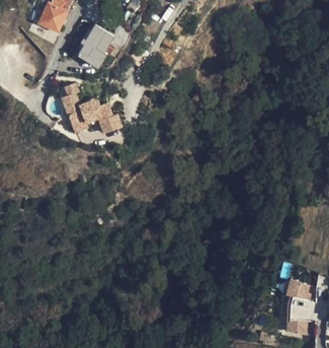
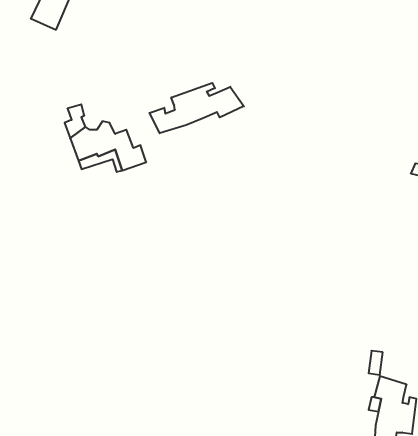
building: [78,25,114,64] -> none
building: none -> [149,83,244,133]

